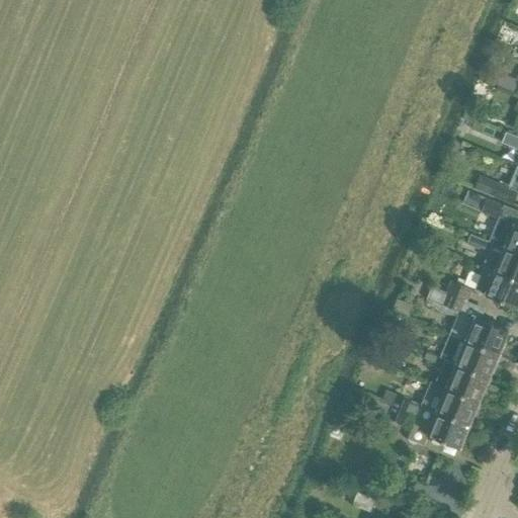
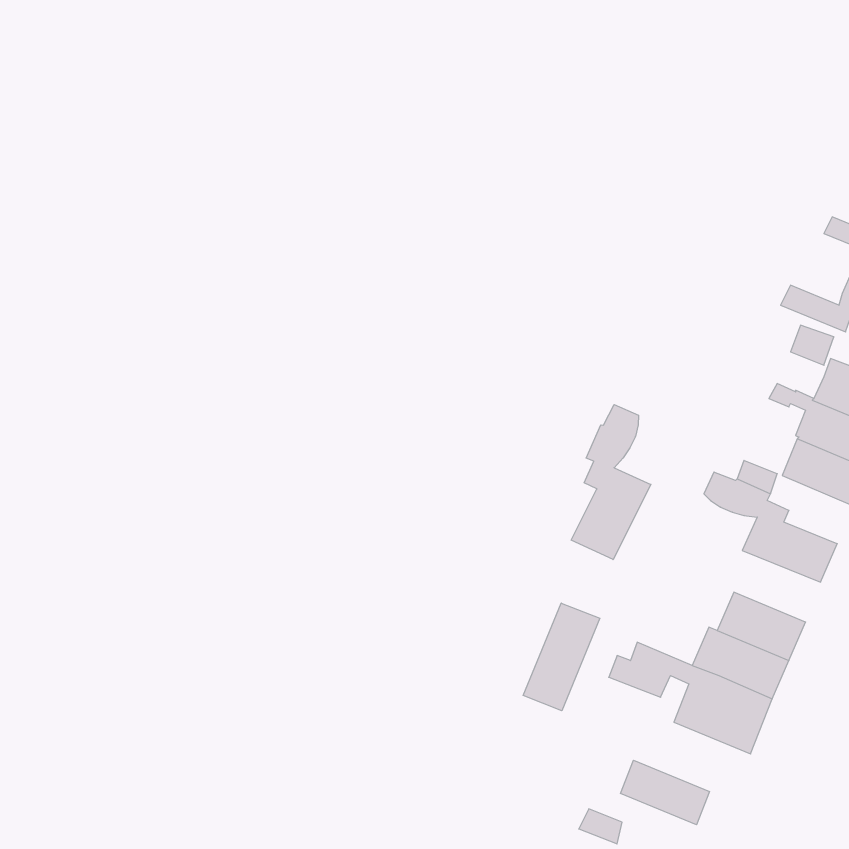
building: none -> [571,405,651,560]
building: [443,334,500,377] -> none
building: none -> [523,603,600,711]
building: none -> [621,760,709,825]

